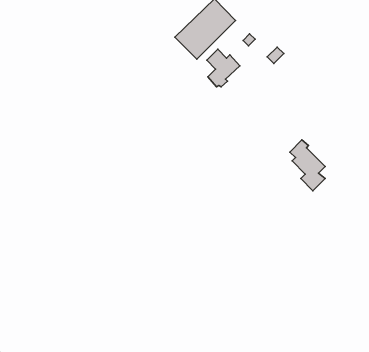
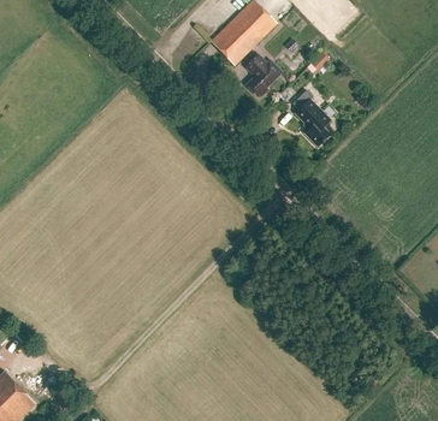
building: [290,140,325,191] -> [292,91,331,147]

